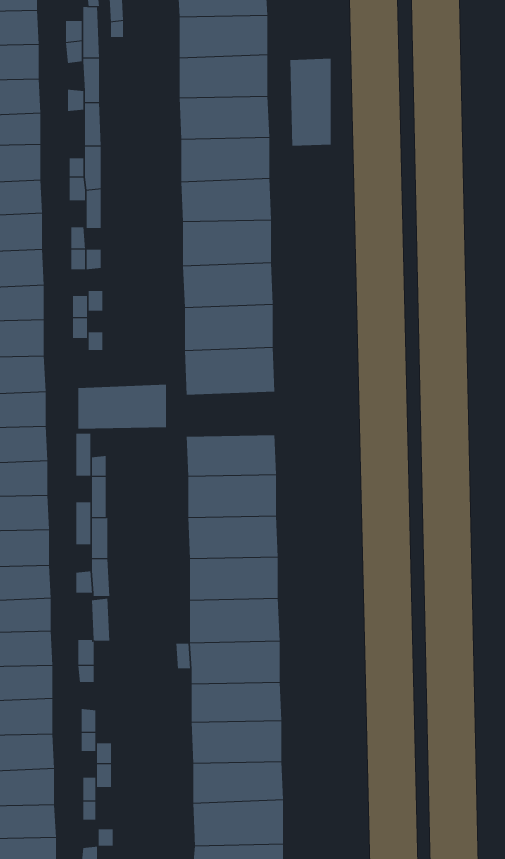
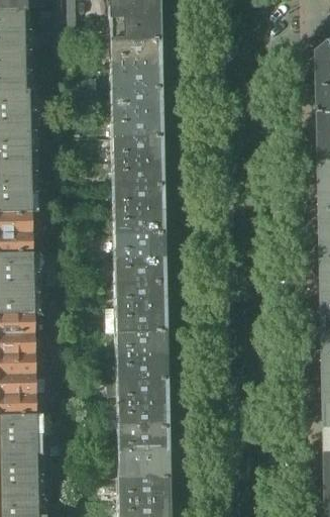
building: [290,58,331,147] -> none
building: [78,384,167,429] -> [113,235,166,262]

